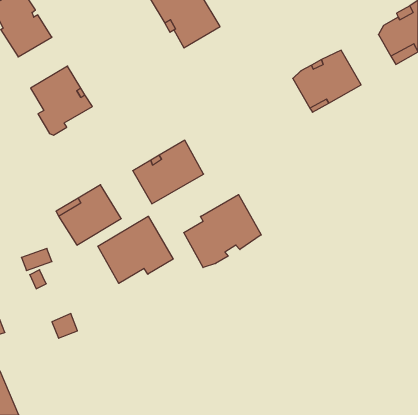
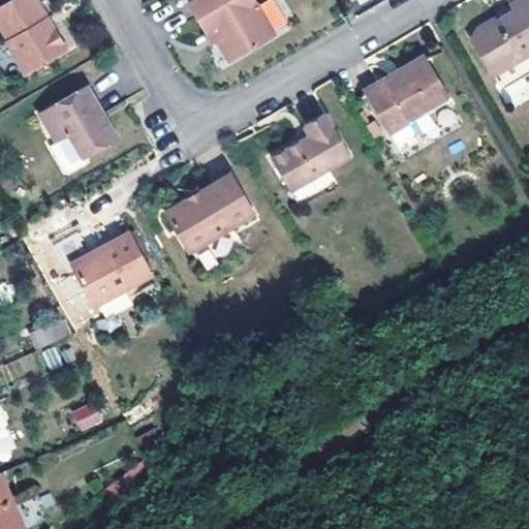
building: none -> [269,112,349,189]
building: [184,195,261,268] -> none
building: [98,216,173,283] -> none

